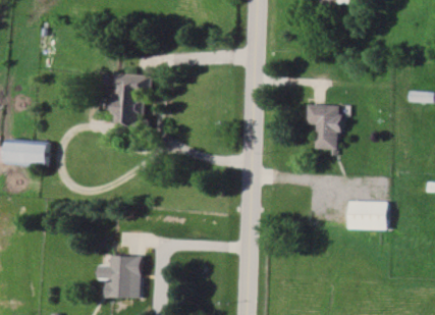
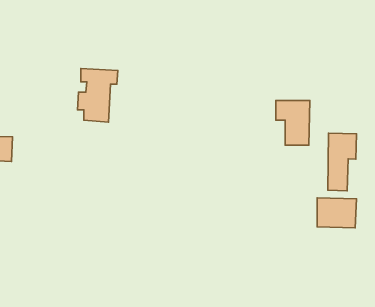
building: none -> [328,133,356,191]
building: [96,255,140,299] -> none

